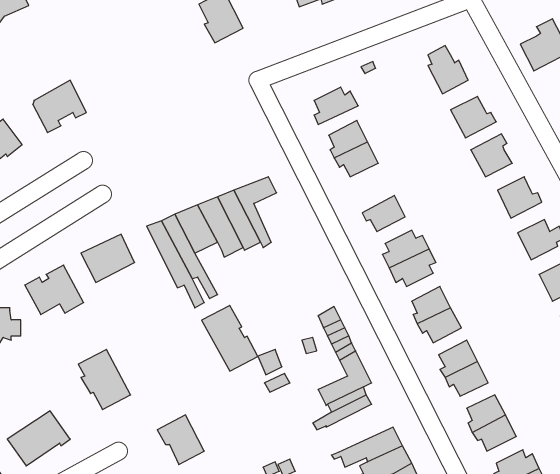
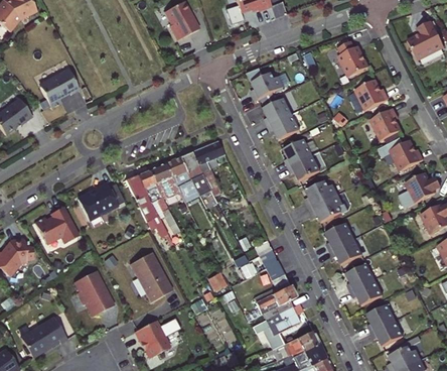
building: none -> [283,139,312,167]
building: [202,305,258,371] -> [130,252,172,301]
building: none -> [261,312,299,348]

